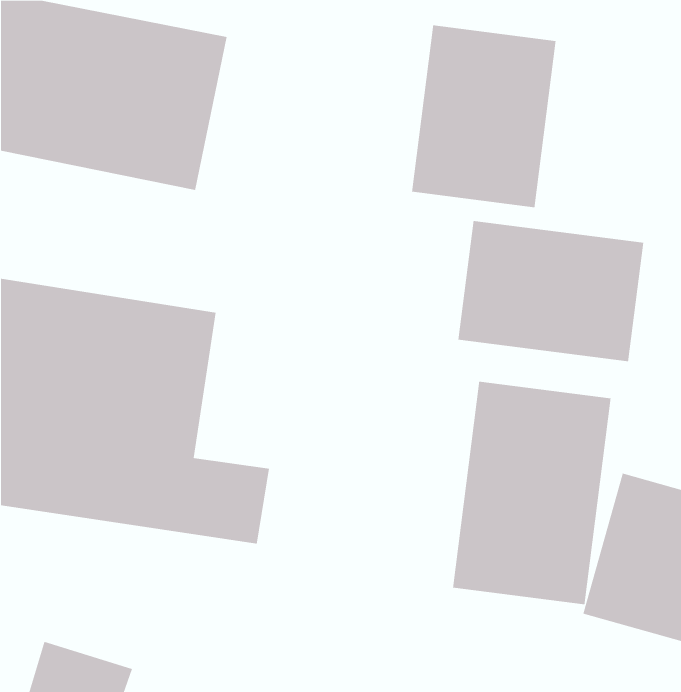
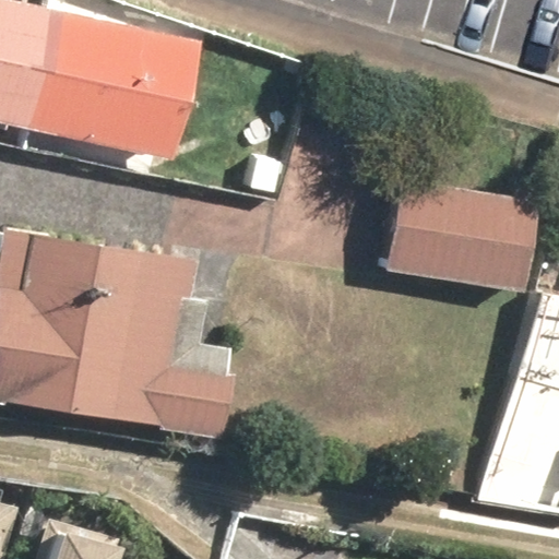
building: [411,24,556,208] -> none
building: [452,381,611,605] -> none

